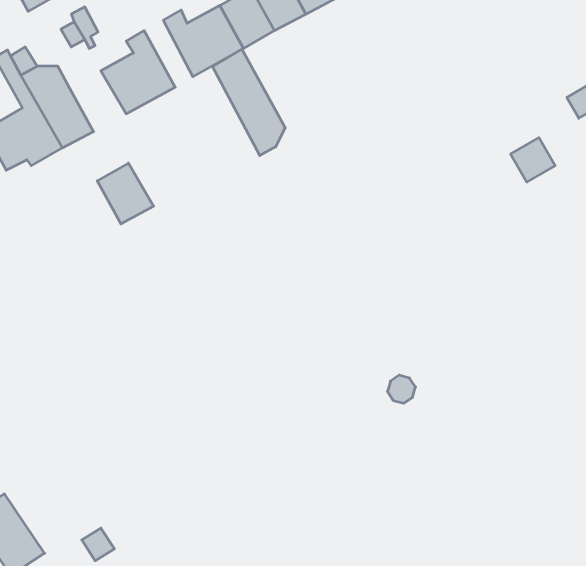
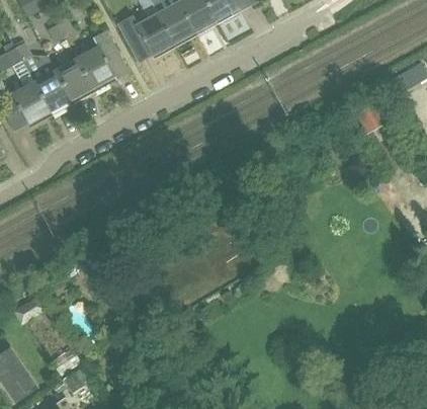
building: [212,49,285,156] -> none
building: [97,163,154,224] -> [56,60,94,101]

